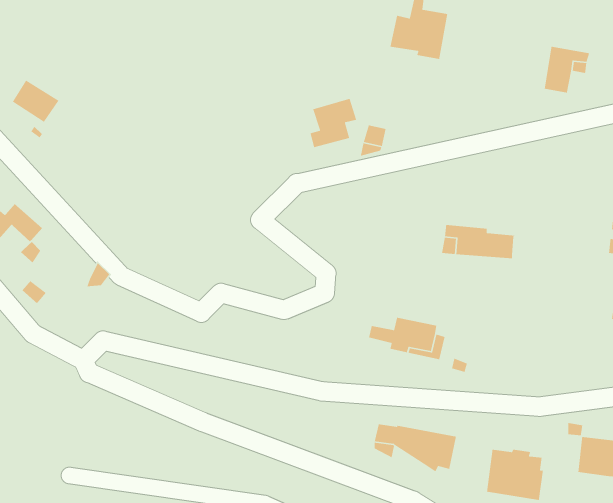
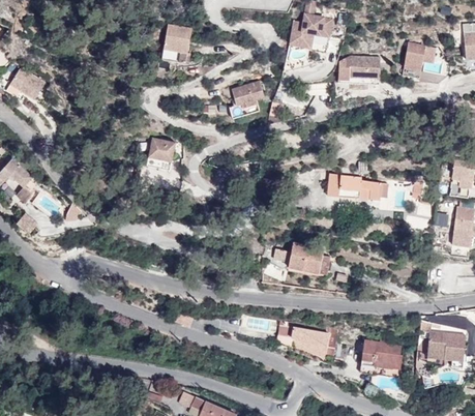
building: none -> [162,24,192,63]
building: none -> [338,56,381,84]
building: none -> [147,138,176,171]

